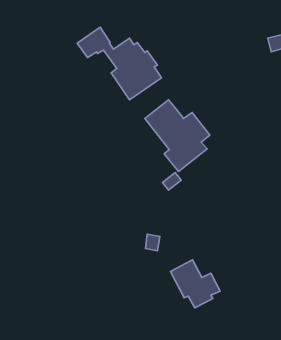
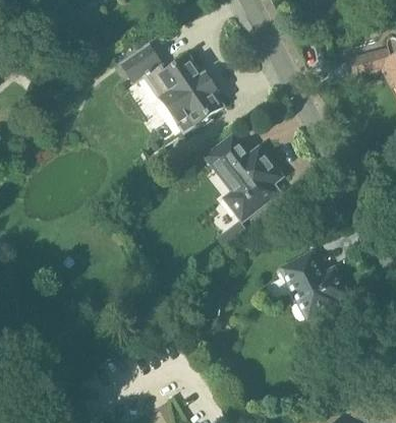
building: [171,260,220,308] -> [284,254,344,312]

